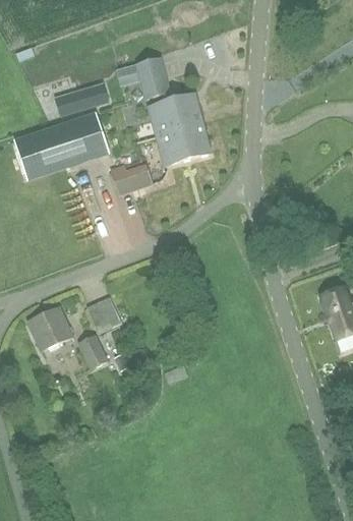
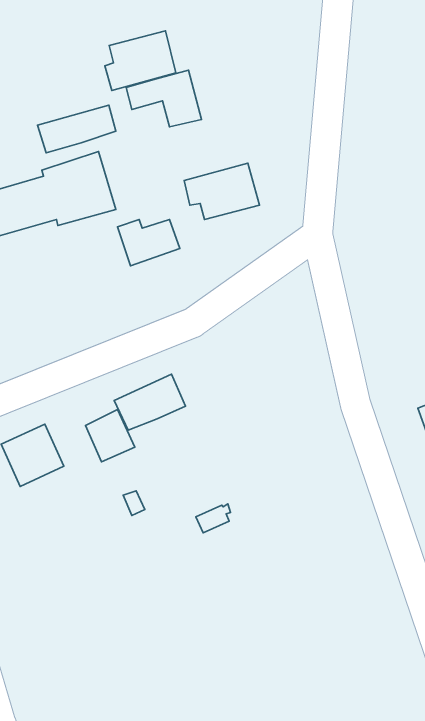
building: [152,93,201,134] -> [105,31,176,90]
building: none -> [114,374,185,430]
building: [78,333,108,366] -> none

